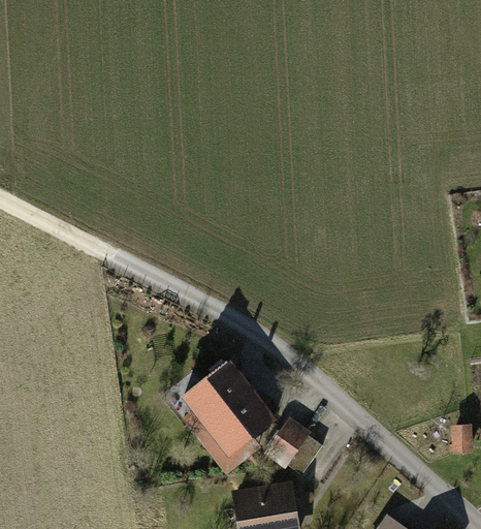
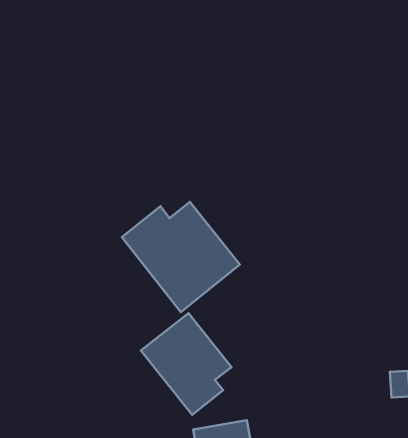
building: none -> [122,202,240,312]
building: [268,418,331,479] -> none

